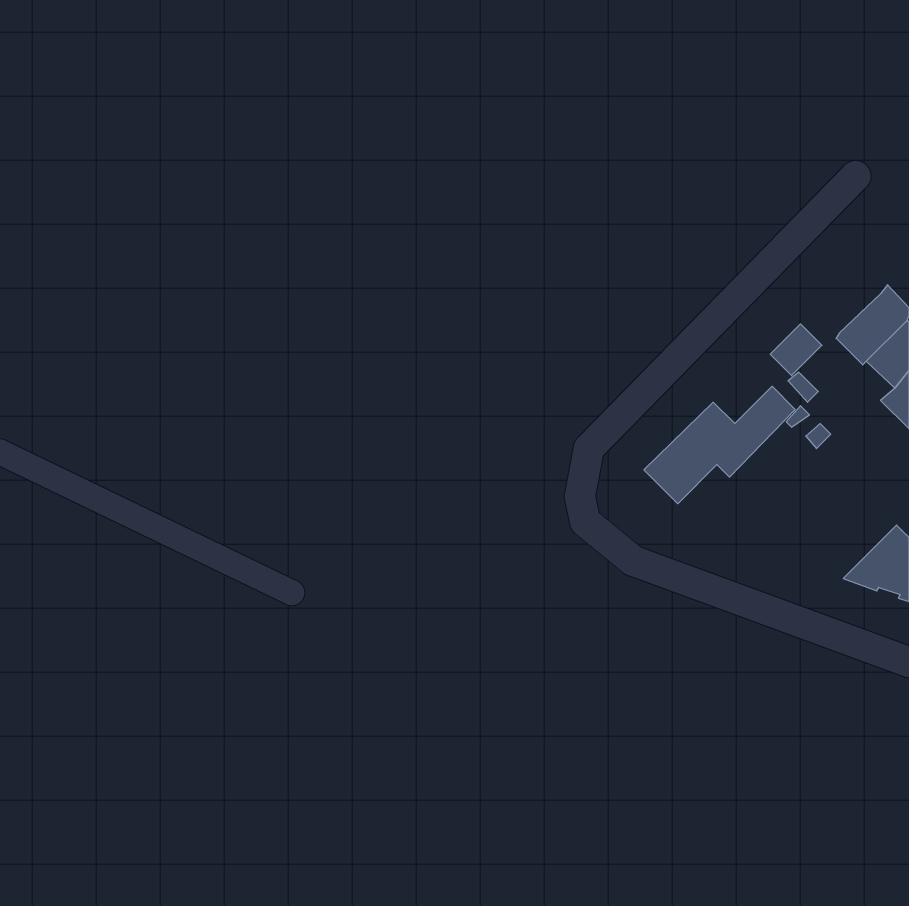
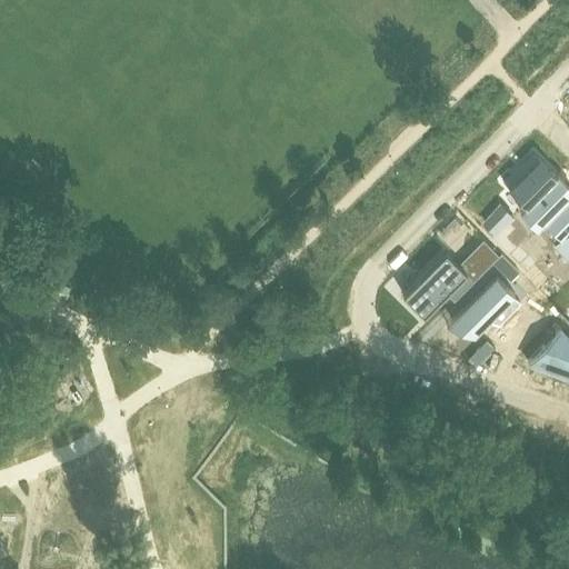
building: none -> [505,149,557,202]
building: none -> [452,278,513,335]

